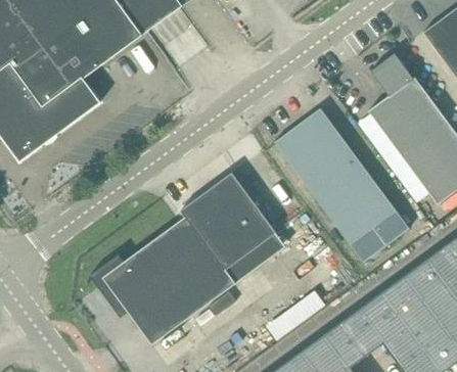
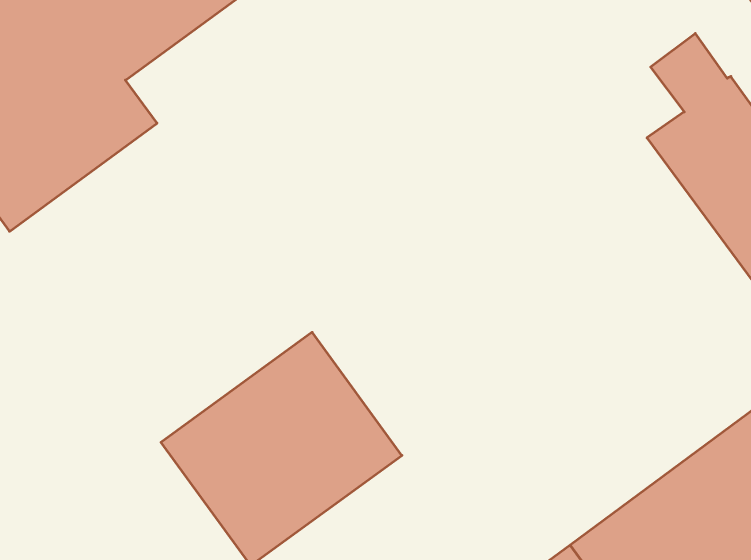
building: [275,108,409,263] -> none
building: [180,173,285,284] -> none

